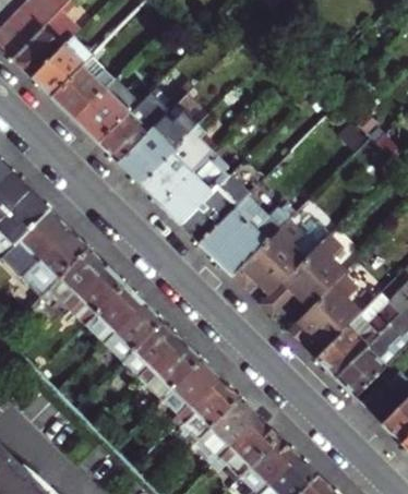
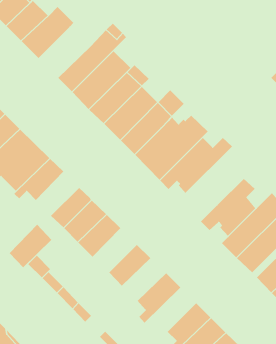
building: [73,79,141,145] -> none
building: [257,234,344,317] -> none
building: [70,267,127,325] -> [9,224,52,268]
building: [144,341,202,399] -> none
building: [182,381,240,436] -> none
building: [212,419,279,477] -> none

